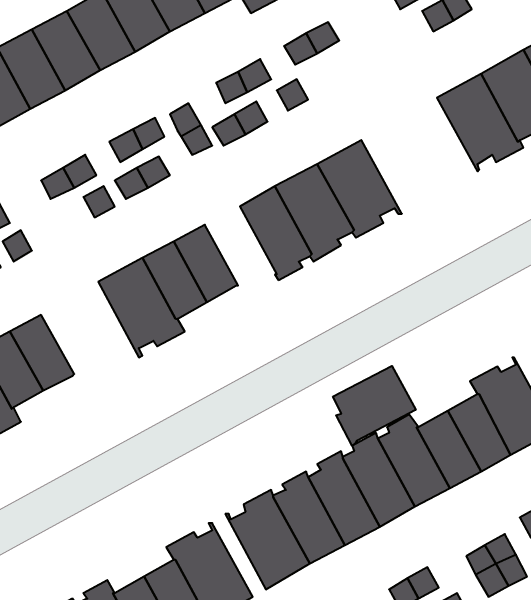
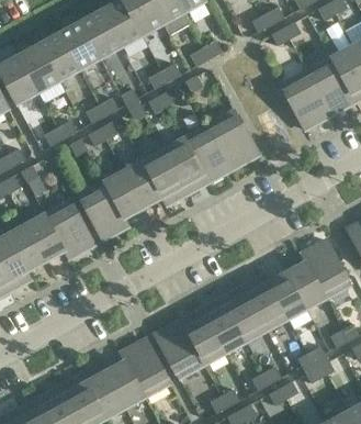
building: none -> [142,149,184,204]
building: none -> [44,200,94,258]
building: [333,366,416,446] -> none

